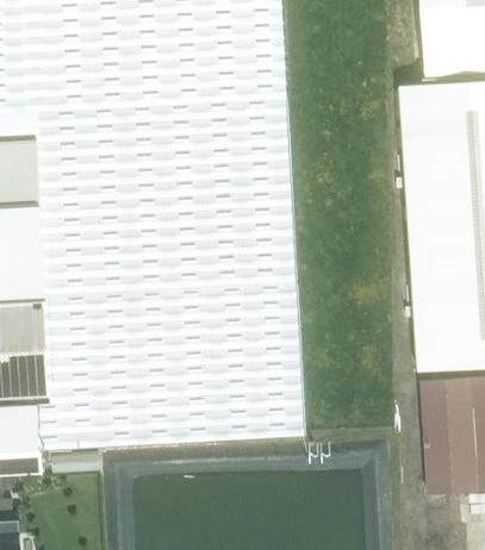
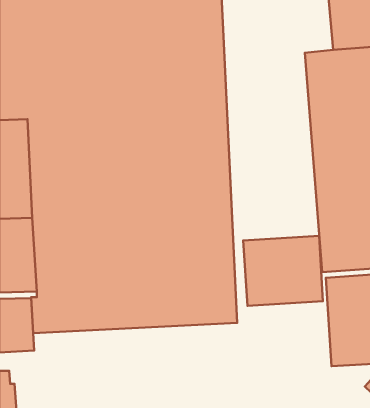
building: none -> [243,236,323,306]

